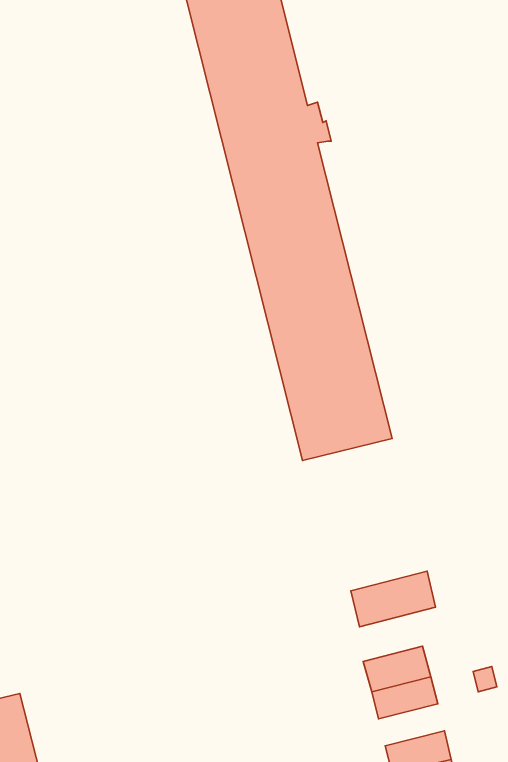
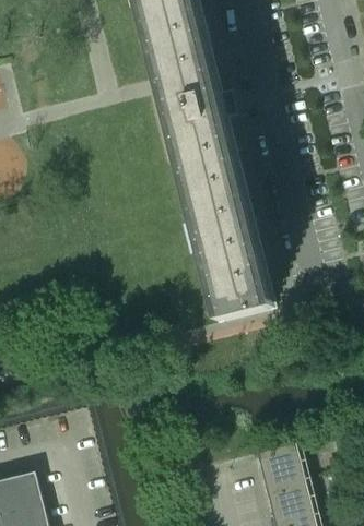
building: [351,571,436,627] -> none
building: none -> [268,480,310,507]

